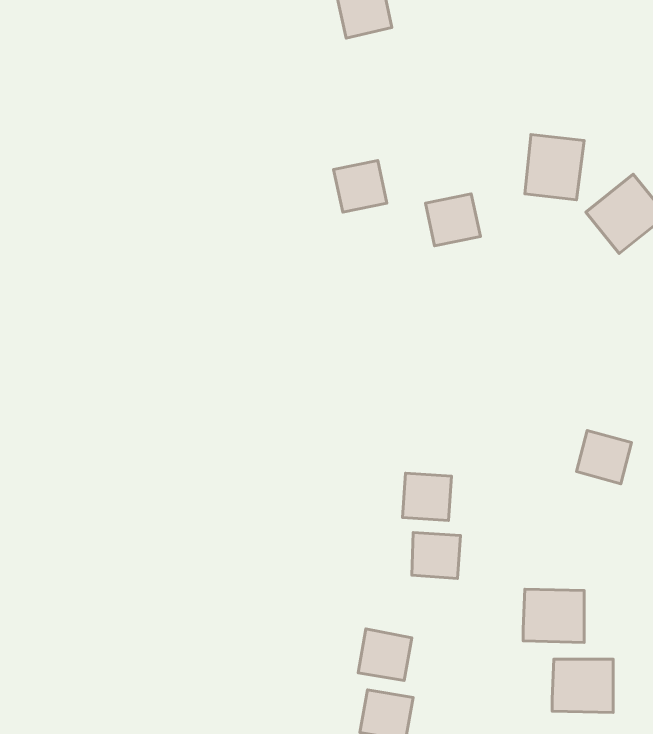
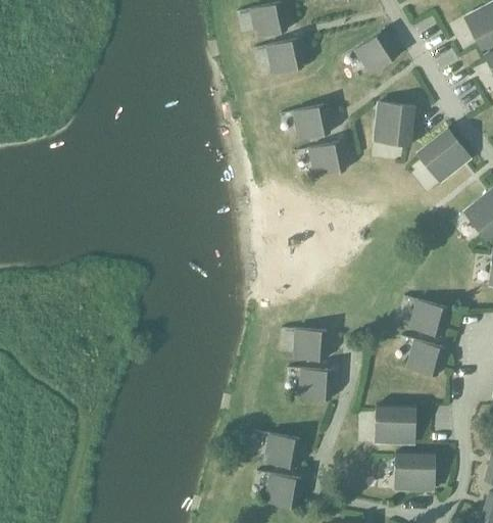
building: none -> [355,33,397,74]
building: none -> [266,39,303,74]
building: [334,160,387,212] -> [294,105,330,140]
building: none -> [407,340,445,376]

